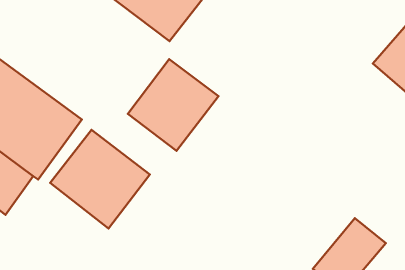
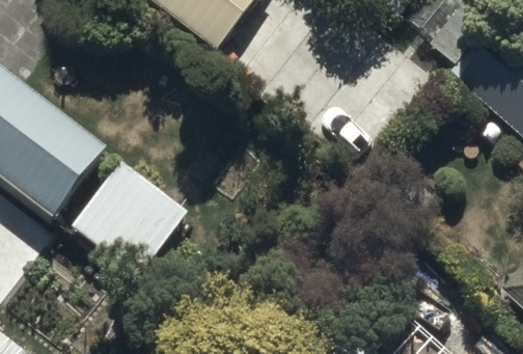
building: [128,59,218,151] -> none

